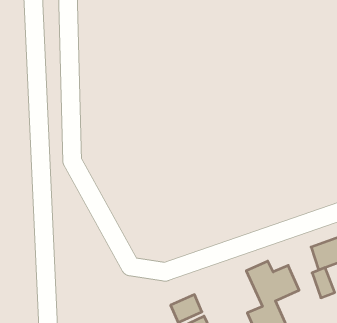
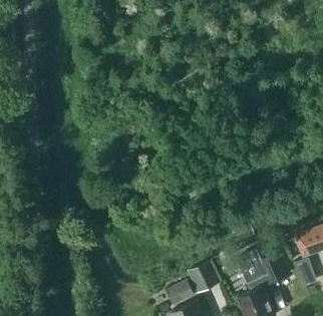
building: none -> [188,260,221,293]

